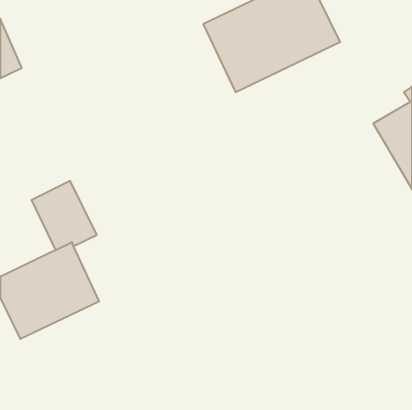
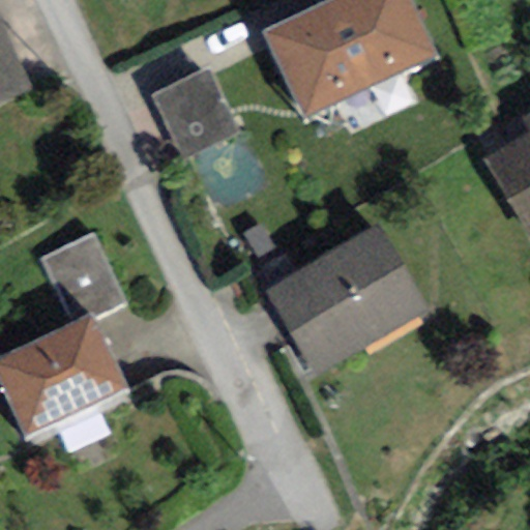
building: none -> [150,64,238,159]
building: none -> [266,223,430,375]

